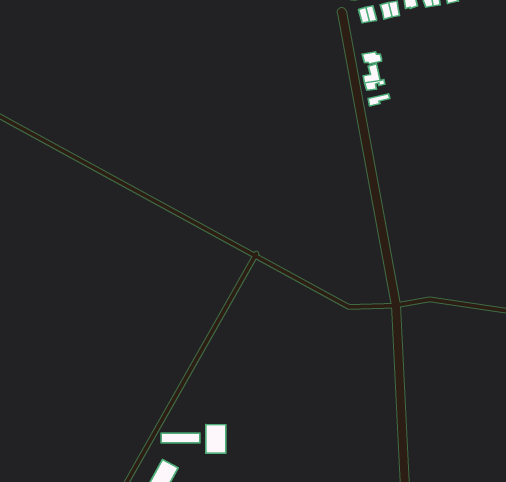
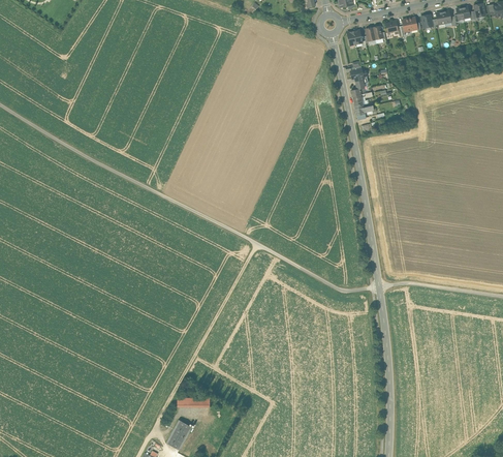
building: [206,425,226,453] -> none

